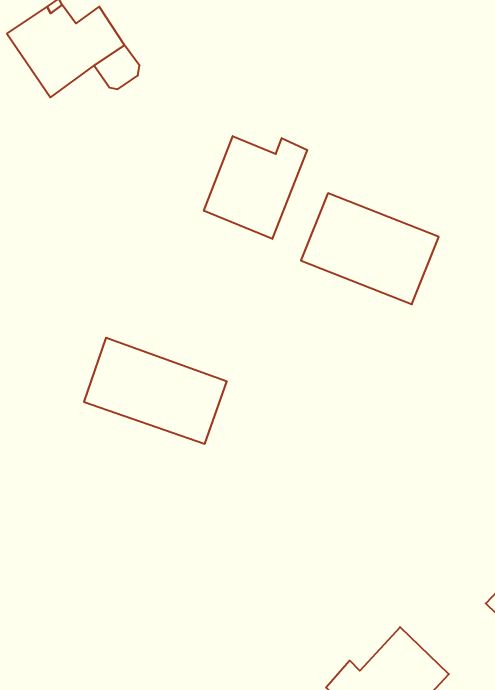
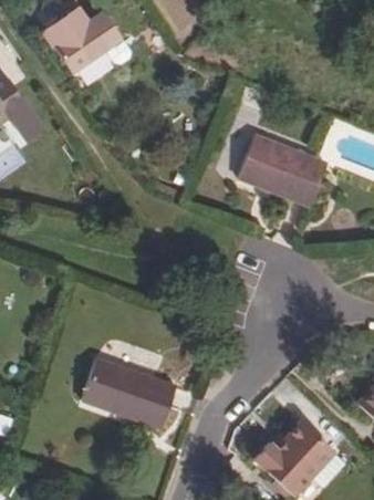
building: [204,136,307,239] -> none
building: [84,338,227,444] -> [82,357,176,427]

